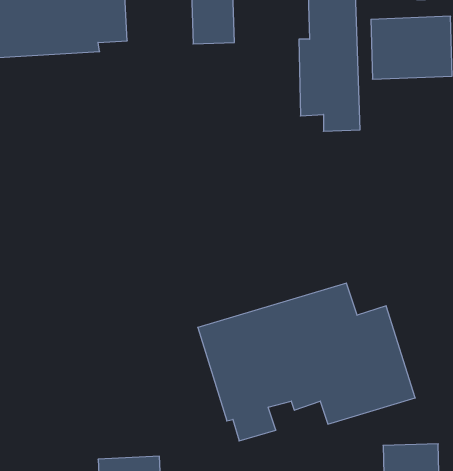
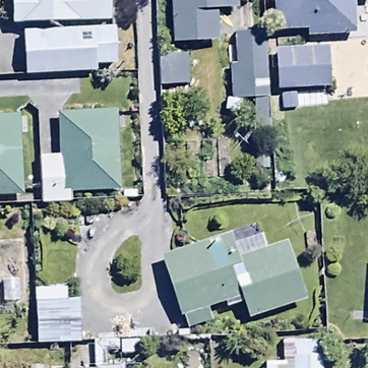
building: none -> [42,109,125,202]
building: none -> [37,286,82,343]

